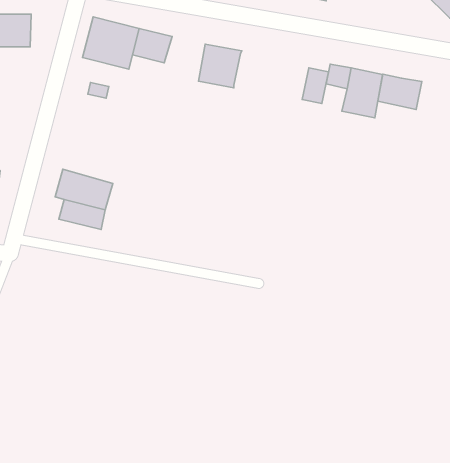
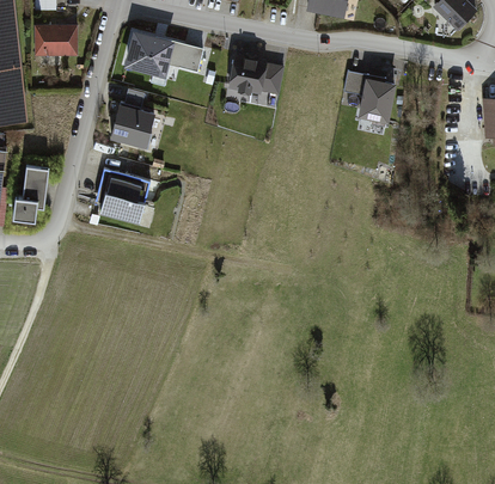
building: [302,68,328,103] -> [261,62,285,94]
building: [378,74,422,110] -> none
building: none -> [110,102,155,148]

